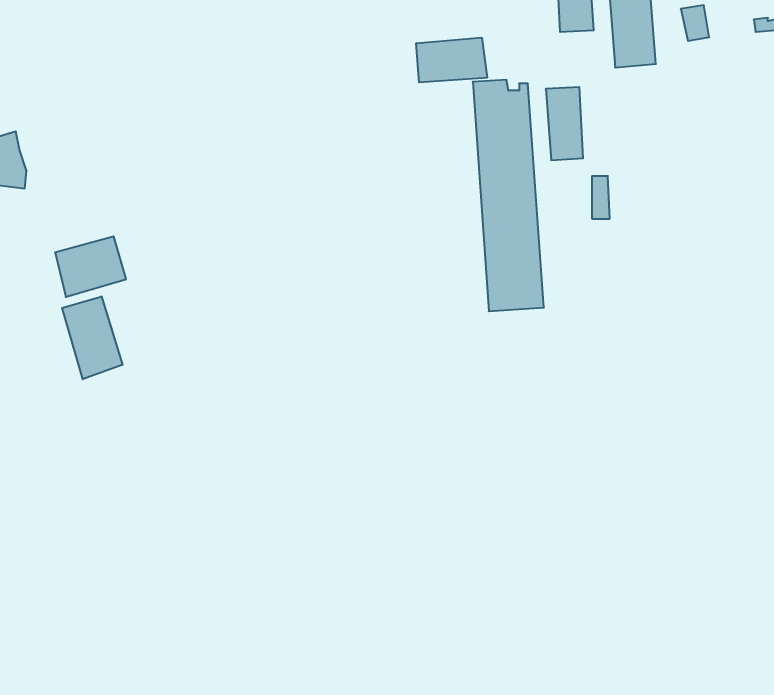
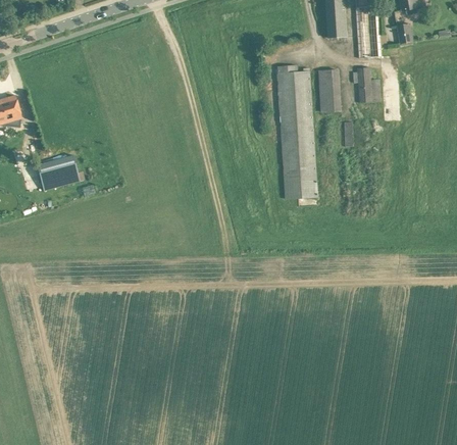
building: [416,38,487,82] -> none
building: none -> [353,67,380,102]
building: [62,296,122,379] -> none

